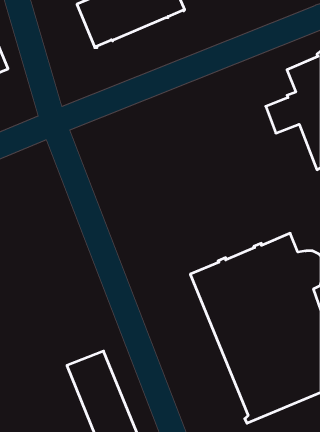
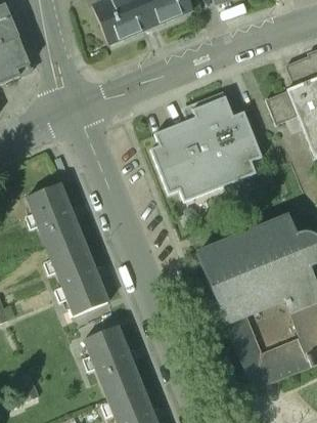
building: none -> [150,89,262,201]
building: none -> [26,182,107,314]

